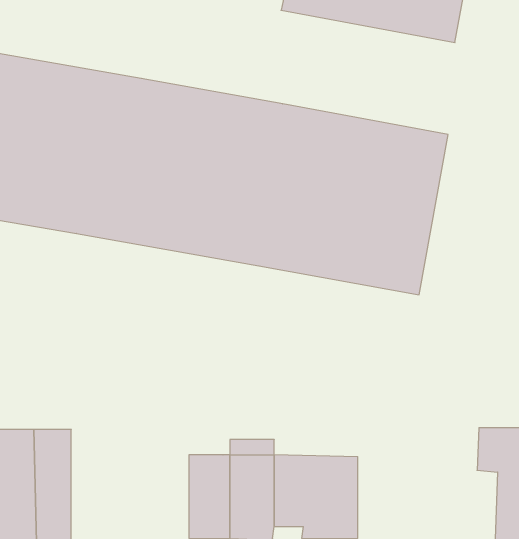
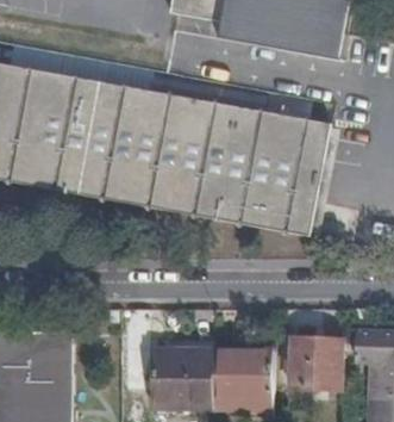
building: none -> [288,336,338,389]

